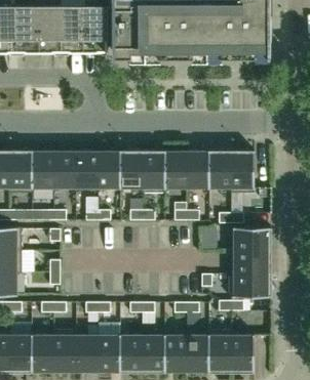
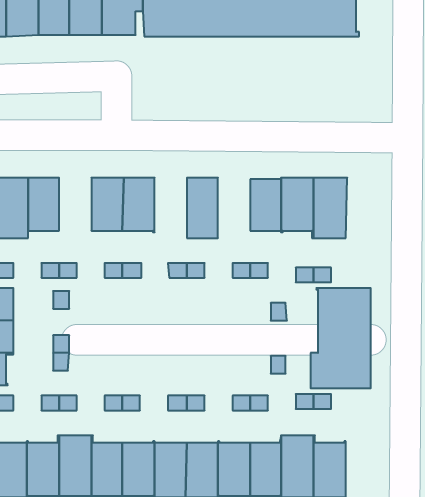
building: [52,151,75,187] -> none
building: [119,151,142,193] -> none
building: [163,151,186,193] -> none

